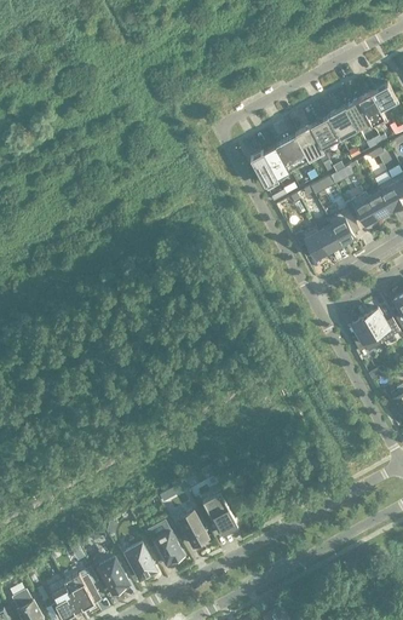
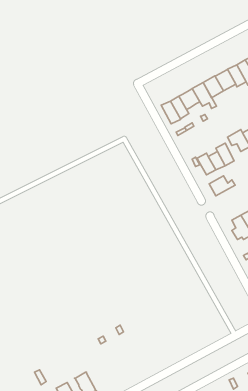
building: none -> [209,176,235,196]
building: [203,493,238,535] -> none
building: [179,511,209,547] -> none
building: [151,530,184,564] -> none

